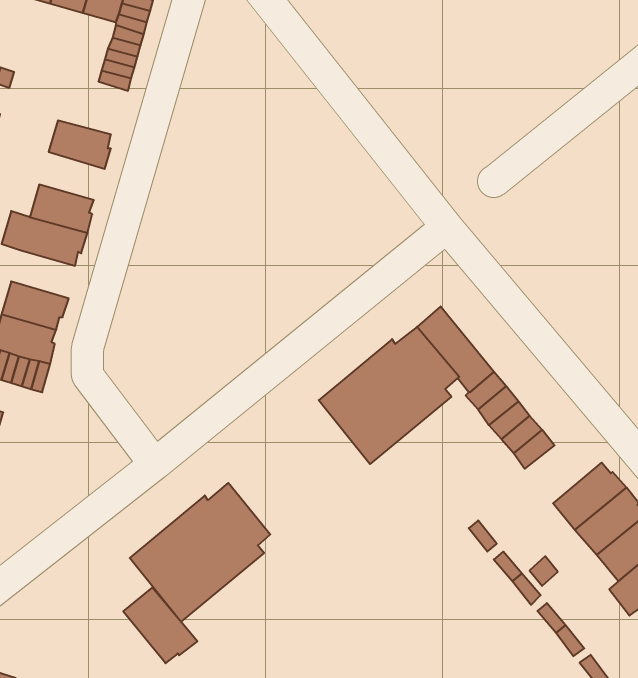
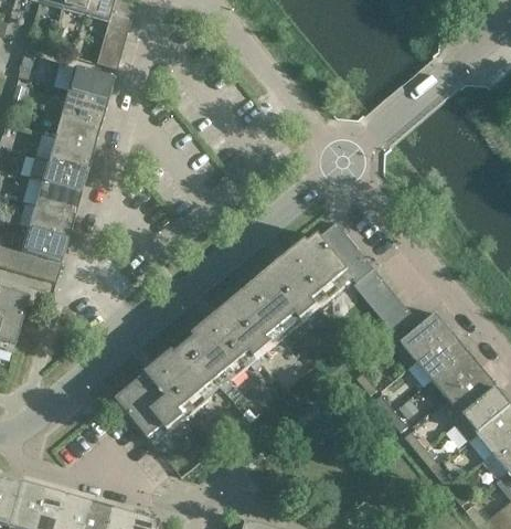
building: none -> [64,64,111,98]
building: none -> [51,110,97,145]
building: none -> [31,180,76,214]
building: none -> [184,286,285,381]
building: none -> [398,310,448,359]
building: [123,587,197,663] -> none

